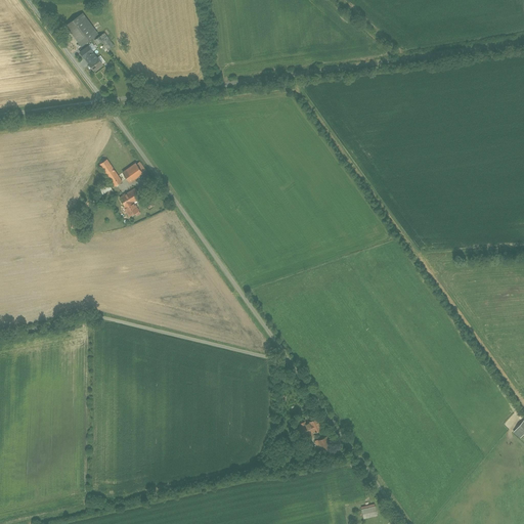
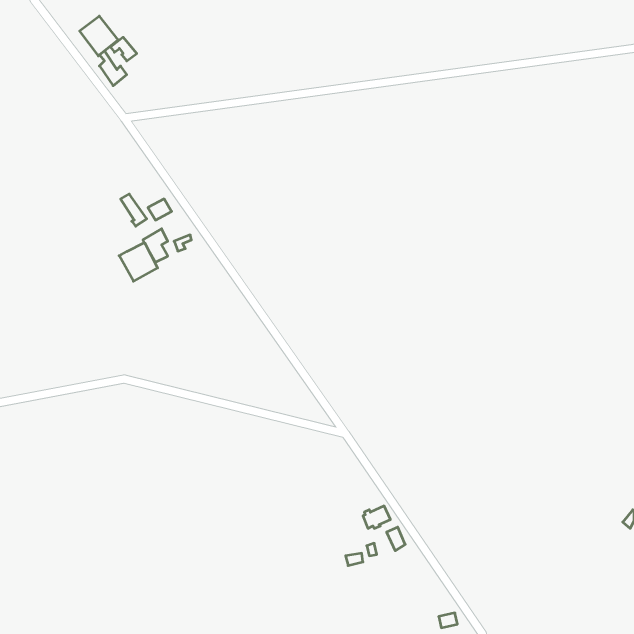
building: none -> [119,243,158,281]

